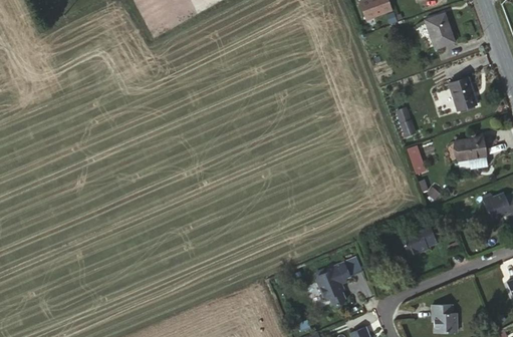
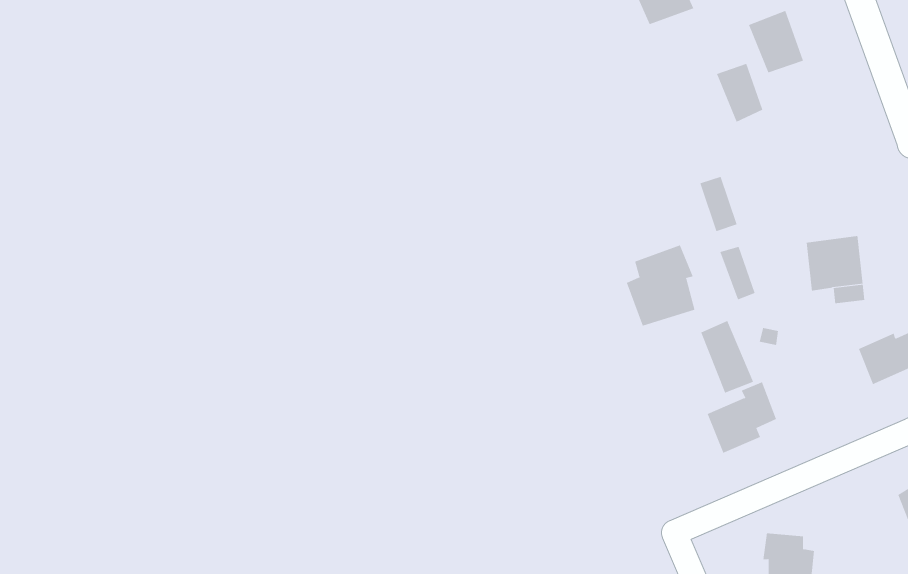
building: [450,78,476,111] -> [716,63,763,123]
building: none -> [626,244,695,326]
building: none -> [701,320,754,393]
building: [319,260,353,307] -> none

